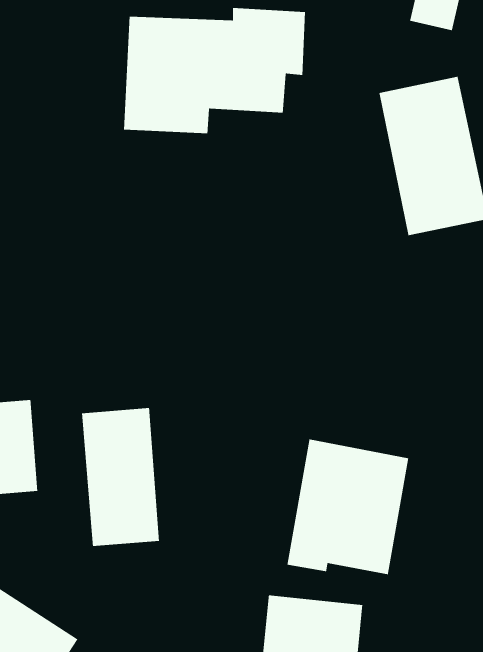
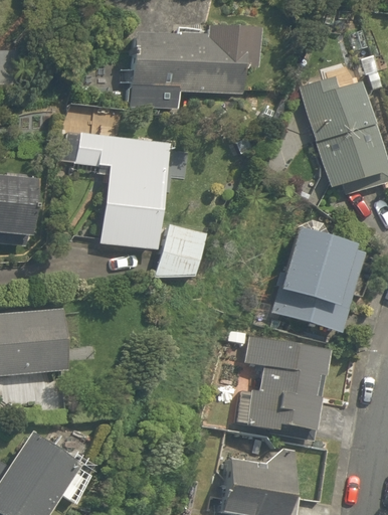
building: none -> [68,132,211,285]
building: none -> [275,224,361,330]
building: [81,407,160,547] -> none

